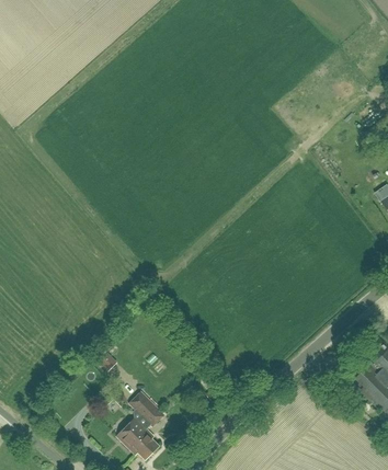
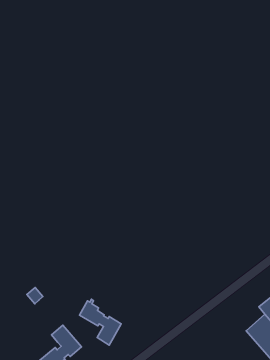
building: none -> [80,299,121,345]

